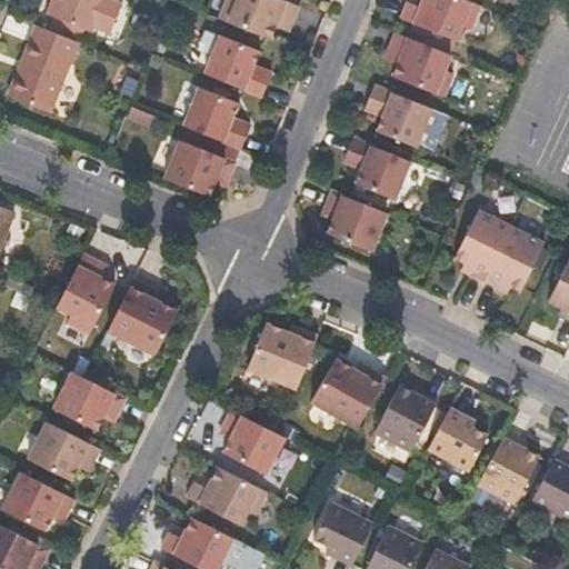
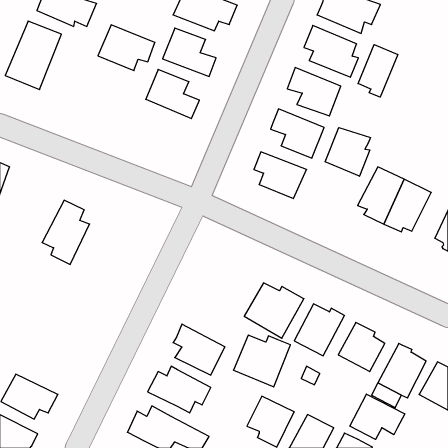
building: none -> [358,45,398,97]
building: [164,140,237,198] -> [98,25,155,71]
building: none -> [325,128,370,176]
building: [107,281,178,358] -> none
building: [244,322,317,388] -> [233,335,290,387]
building: [51,372,124,432] -> none
building: [27,421,100,480] -> none
building: none -> [350,394,405,439]

